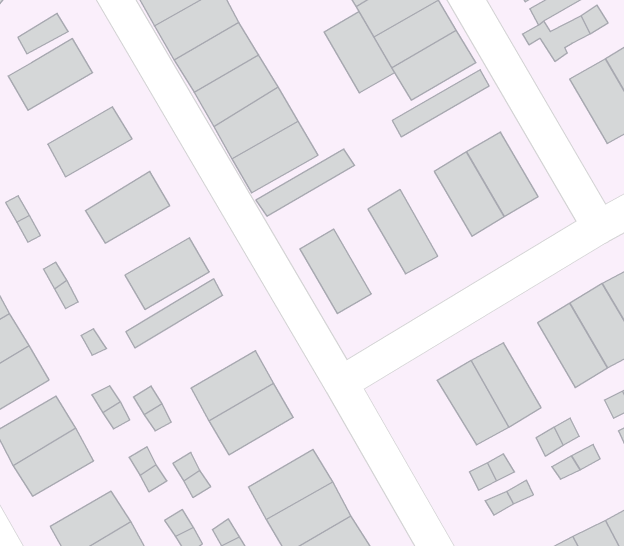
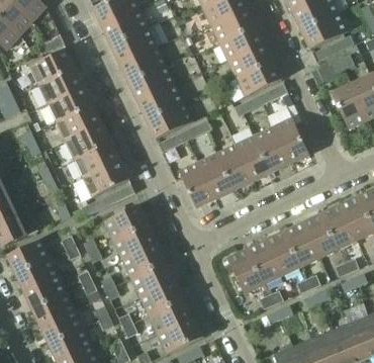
building: [324,12,394,93] -> none
building: none -> [39,67,85,103]
building: none -> [57,104,102,141]
building: none -> [236,135,272,181]
building: none -> [75,142,120,177]
building: none -> [198,153,235,198]
building: none -> [104,203,151,241]
building: none -> [284,221,320,267]
building: none -> [227,248,265,294]
building: none -> [131,261,177,296]
building: none -> [24,275,67,308]

